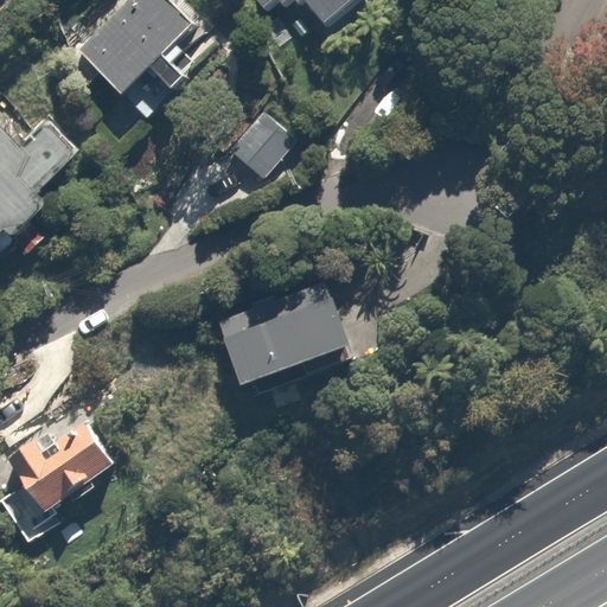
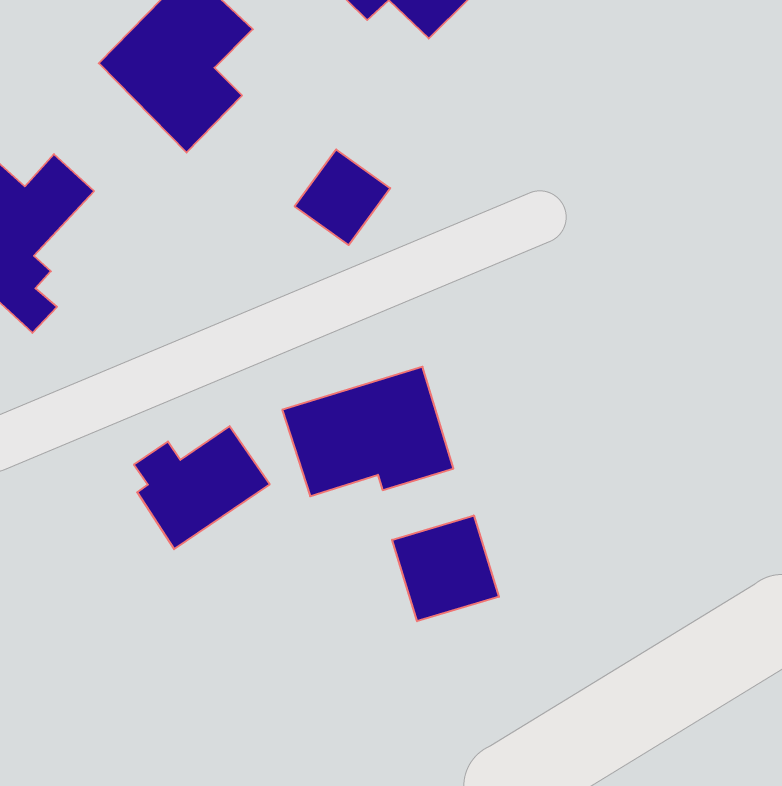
building: none -> [392,515,499,621]
building: [12,416,116,511] -> [134,426,270,549]

